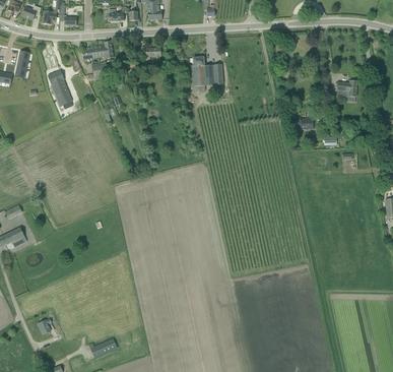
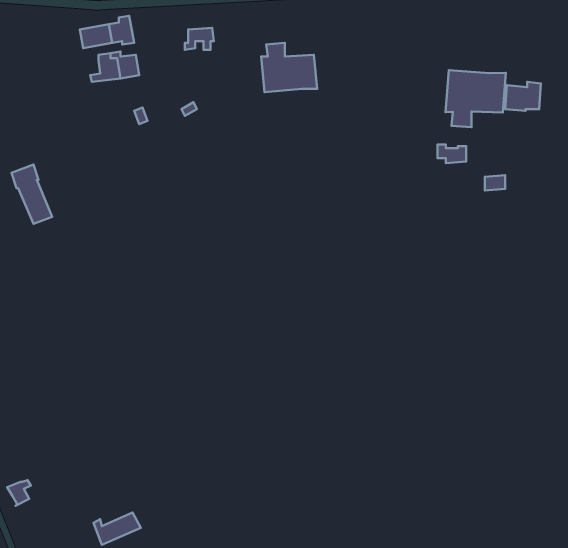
building: [47,69,71,105] -> [11,164,52,224]
building: none -> [446,70,506,127]

